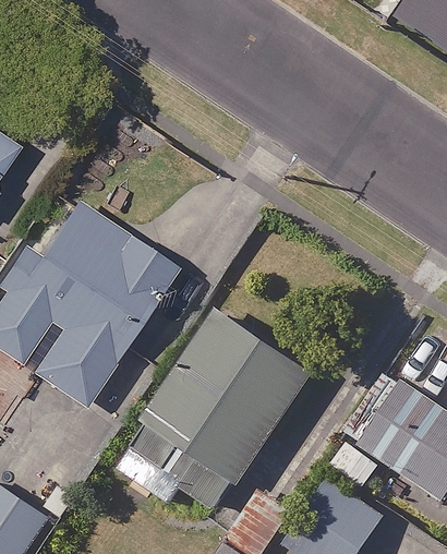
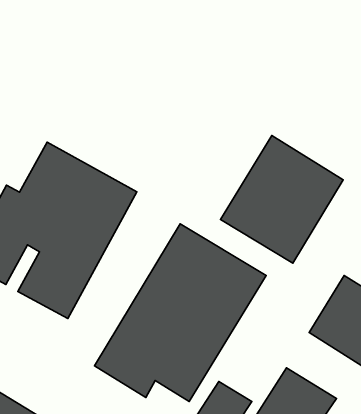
building: none -> [220,136,343,263]

